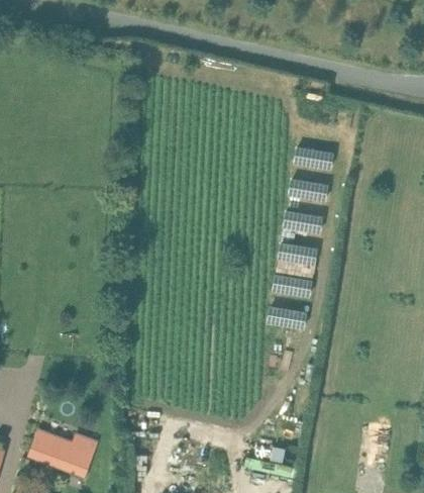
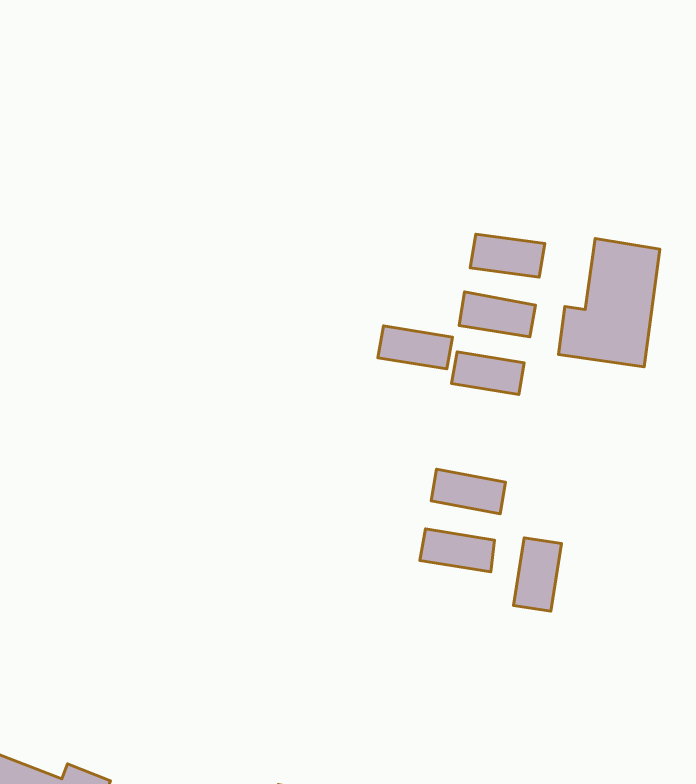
building: none -> [558,238,660,367]
building: [277,242,317,266] -> [378,326,452,369]
building: none -> [513,538,562,611]

